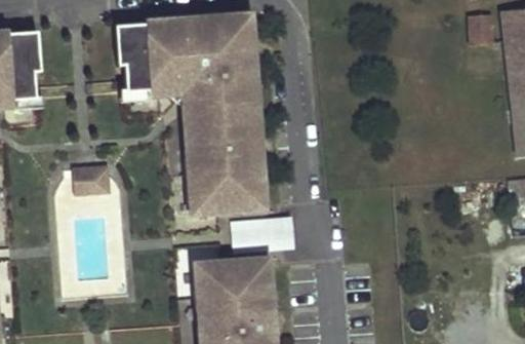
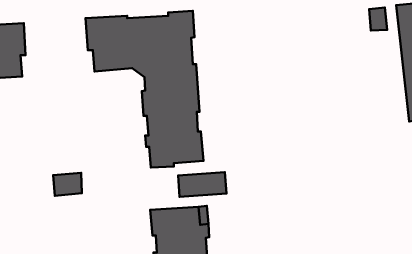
building: [72,166,108,195] -> [53,173,82,196]

